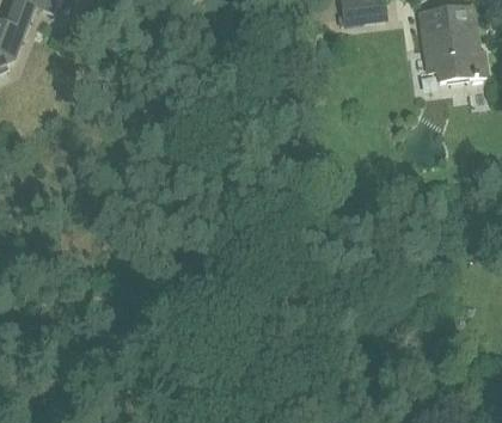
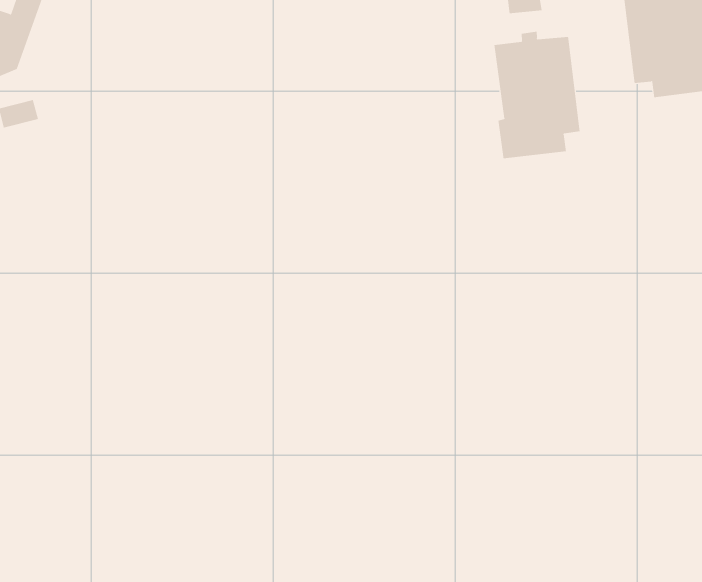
building: none -> [494,31,580,159]

